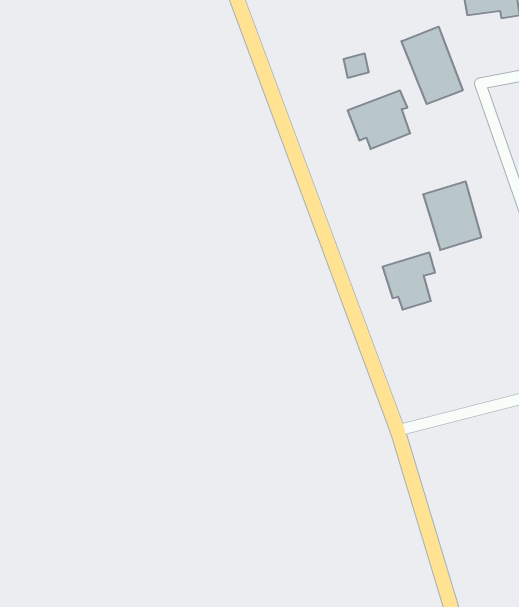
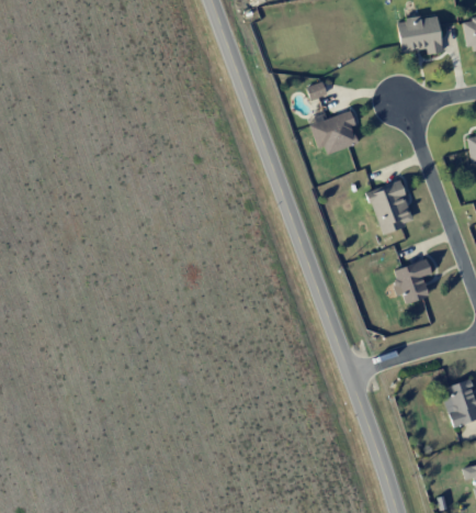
building: [401,27,463,104] -> none
building: [382,253,435,310] -> [392,259,432,303]

